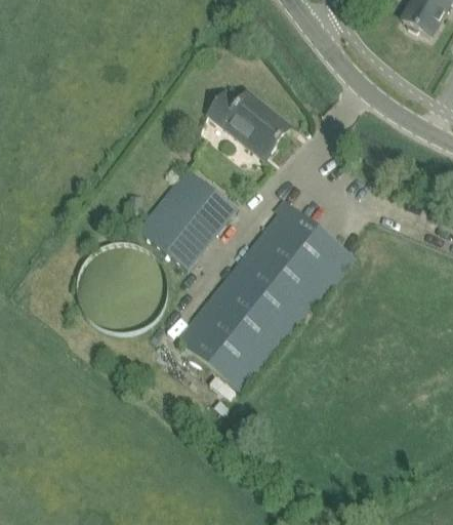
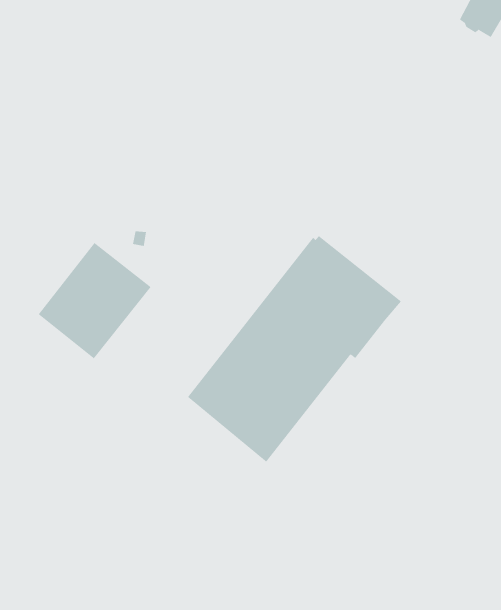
building: [209,91,290,158] -> none
building: [141,169,237,268] -> [38,242,151,359]

